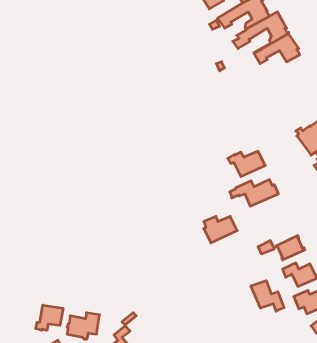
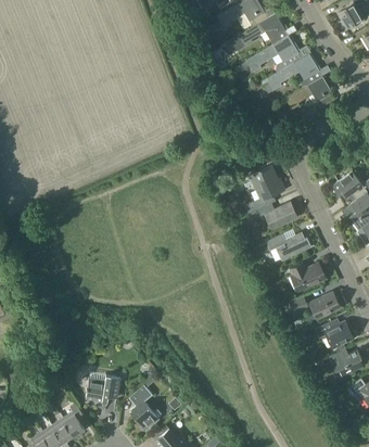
building: none -> [241,165,284,214]
building: [204,216,237,243] -> [290,263,326,291]
building: [251,281,284,311] -> none
building: [36,305,63,330] -> none

